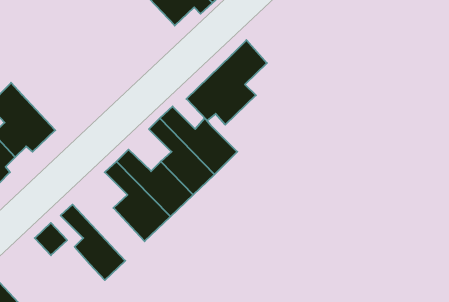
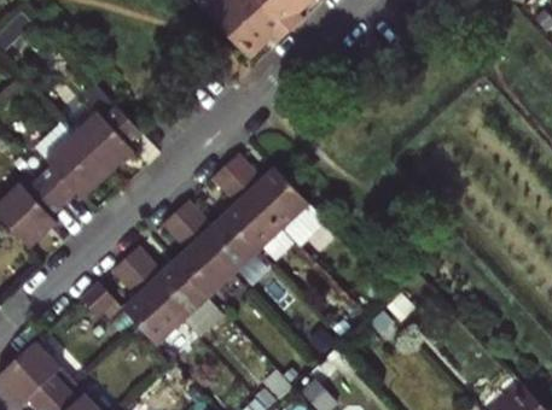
building: [186,40,267,125] -> none
building: none -> [65,107,135,178]
building: none -> [122,248,203,324]

